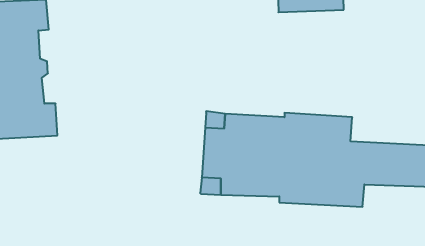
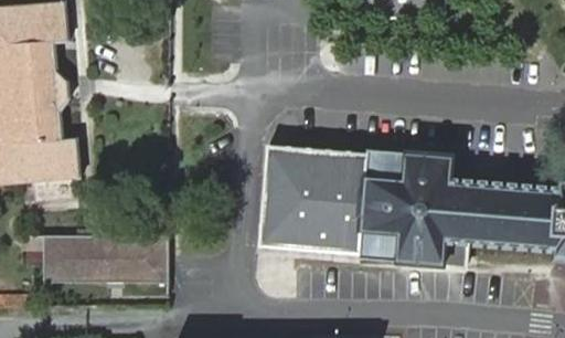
building: none -> [42,234,166,279]

